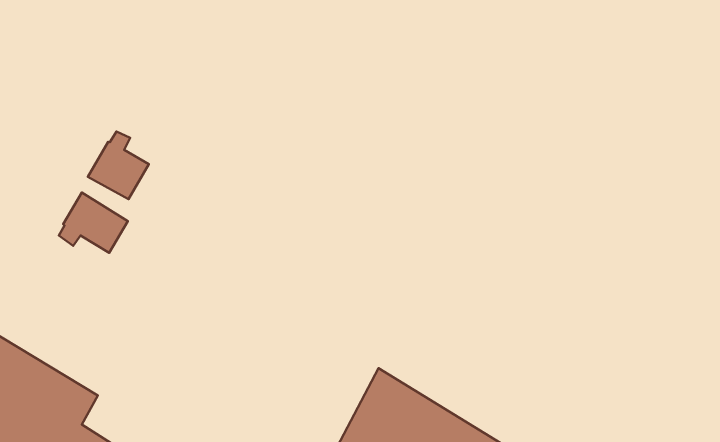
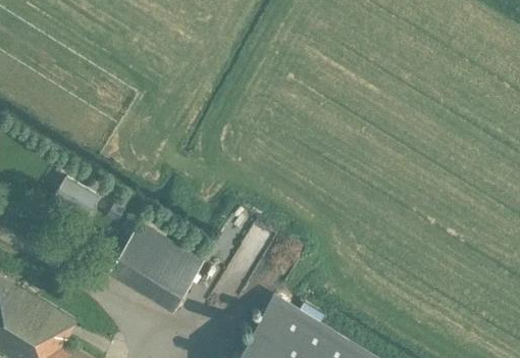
building: [88,131,149,199] -> none
building: none -> [107,218,203,308]

